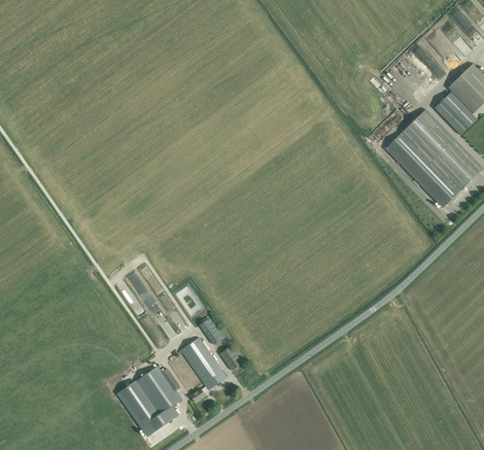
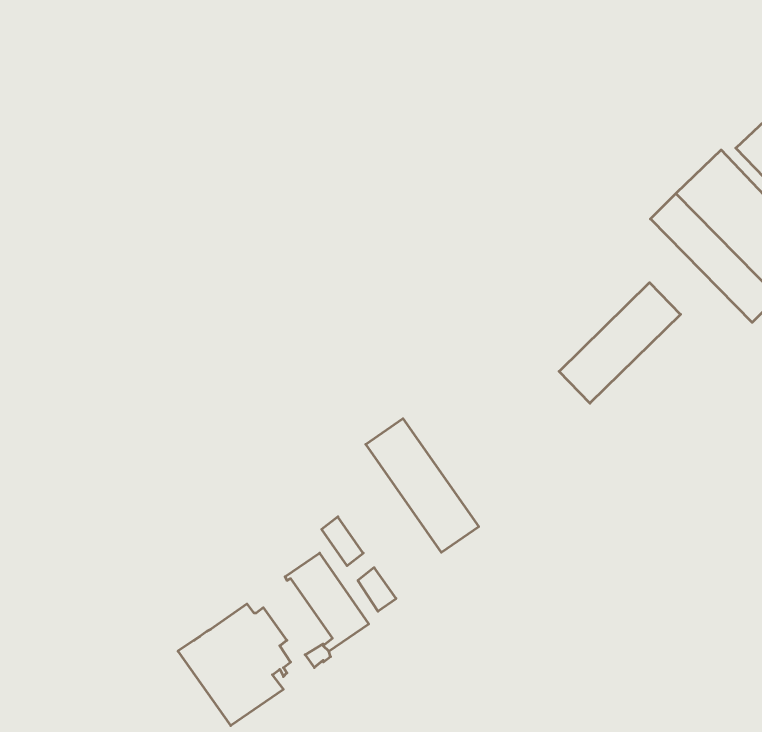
building: none -> [559,283,681,403]
building: none -> [366,419,479,552]

